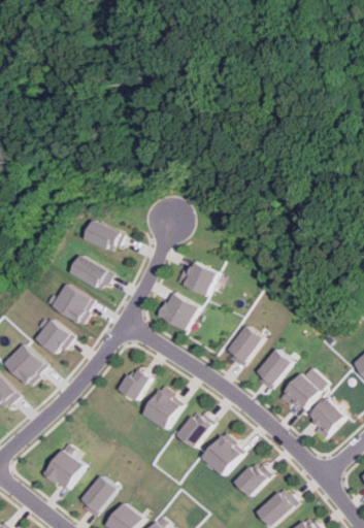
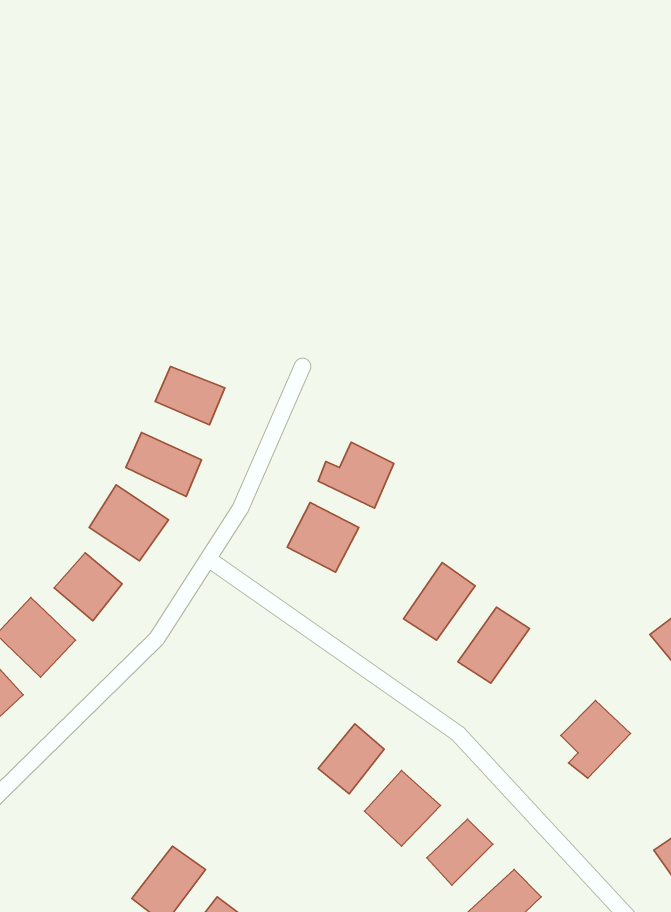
building: [274,366,323,410] -> none
building: [119,367,148,400] -> none
building: [141,386,180,429] -> none
building: [42,443,82,491] -> none

